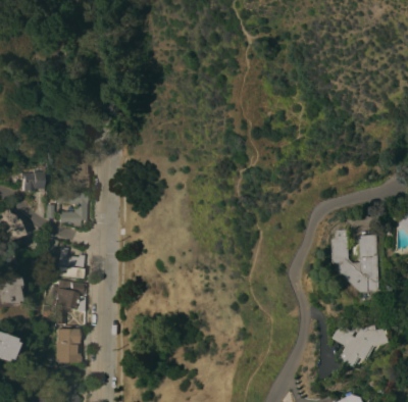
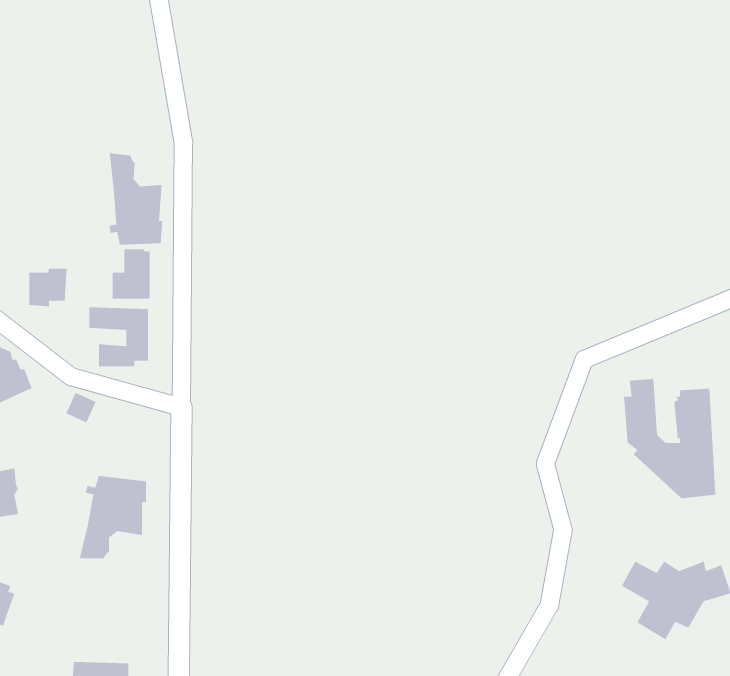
building: none -> [109,152,163,246]
building: [59,246,85,278] -> none
building: [50,329,82,362] -> none

